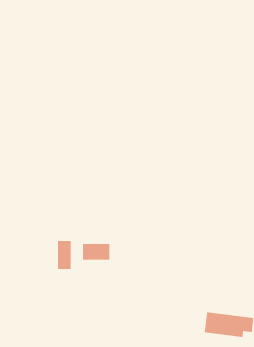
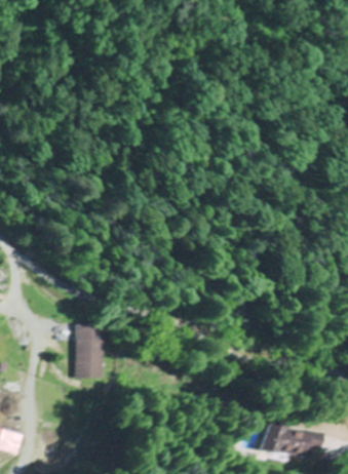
building: [82,243,110,261] -> none

